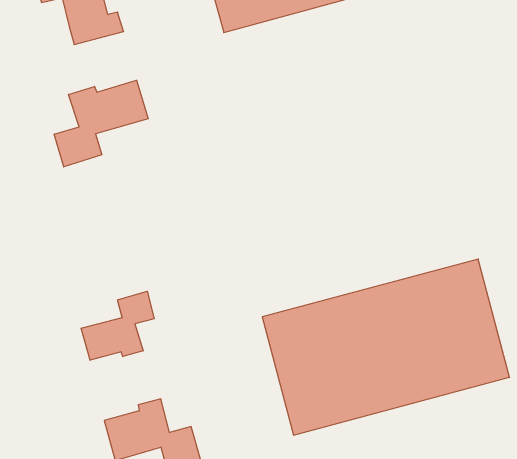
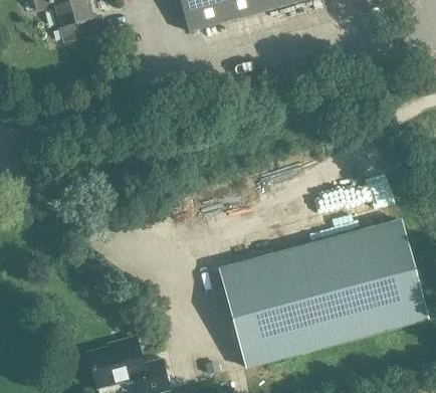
building: [54,80,148,167] -> none
building: [81,291,154,360] -> none

